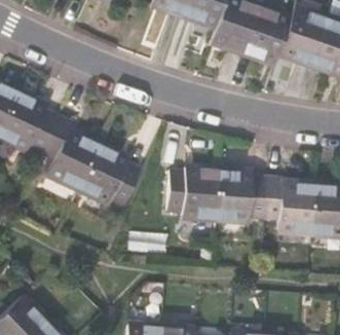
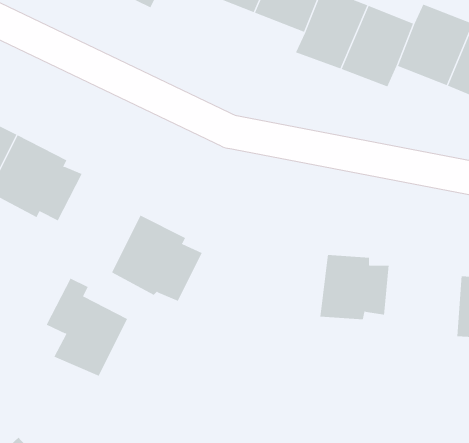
building: [43,120,99,187] -> [46,278,128,377]
building: [172,172,225,217] -> none
building: [264,182,315,230] -> none

